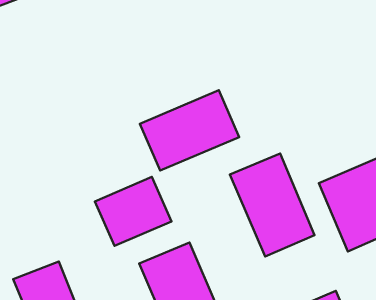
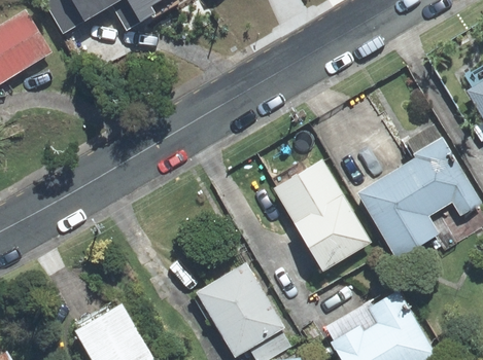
building: [140,90,239,170] -> none
building: [95,177,171,246] -> none

